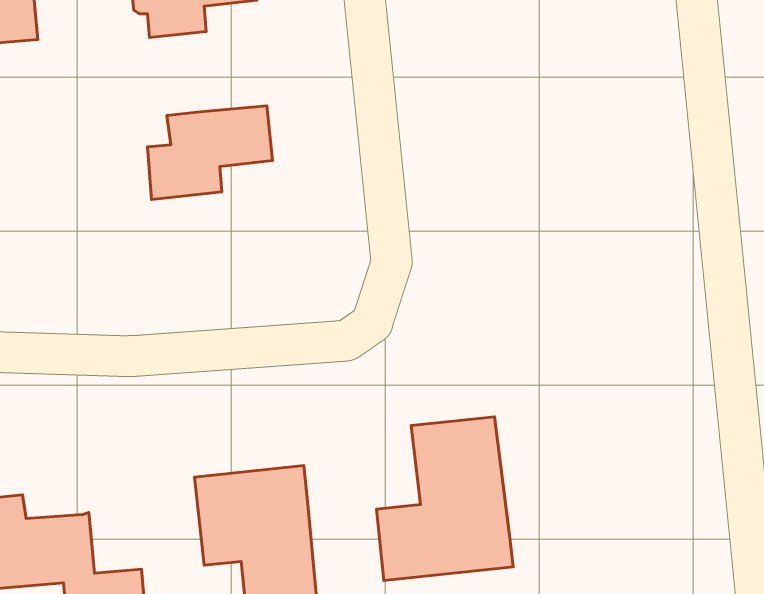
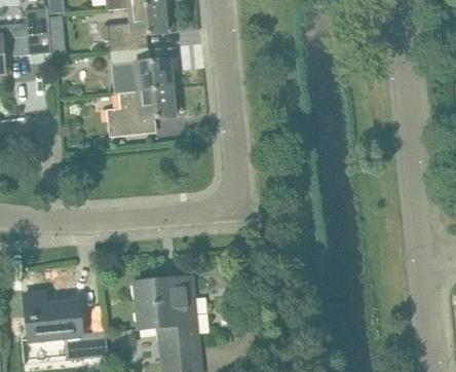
building: none -> [111,47,173,89]
building: [376,417,513,581] -> none

